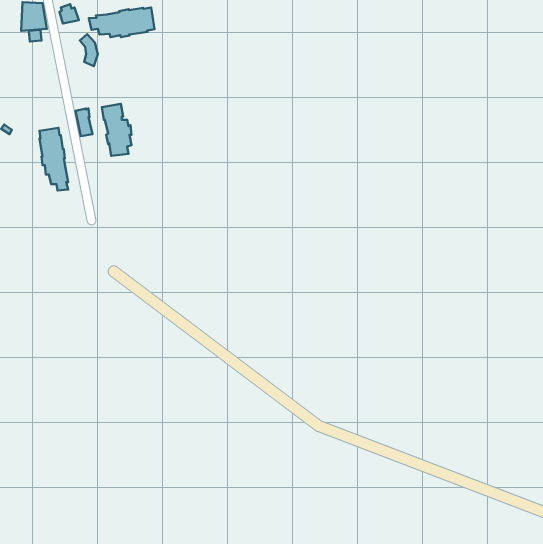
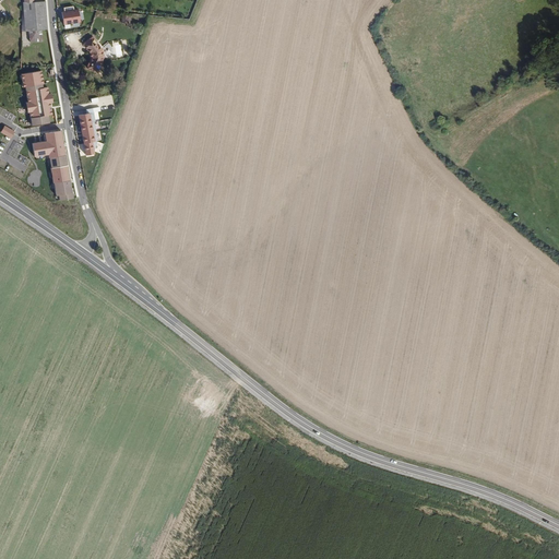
building: [89,8,155,37] -> none
building: [102,104,132,156] -> [23,71,53,124]

